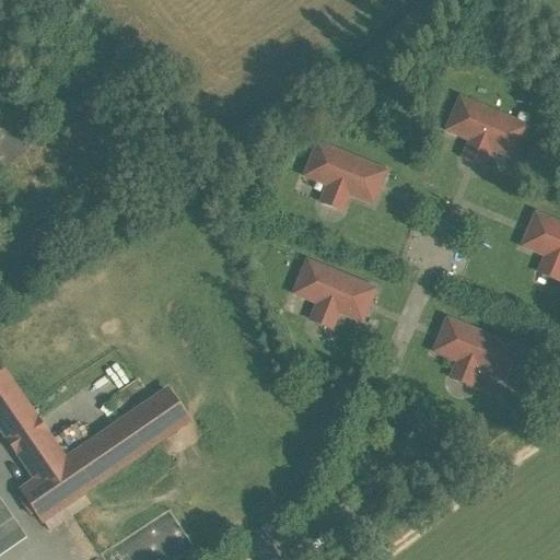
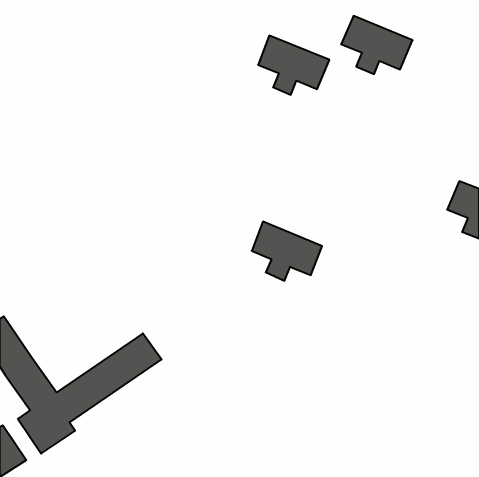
building: [445,95,528,163] -> [341,16,413,74]
building: [303,140,386,209] -> [258,36,329,95]
building: [433,316,515,384] -> none

